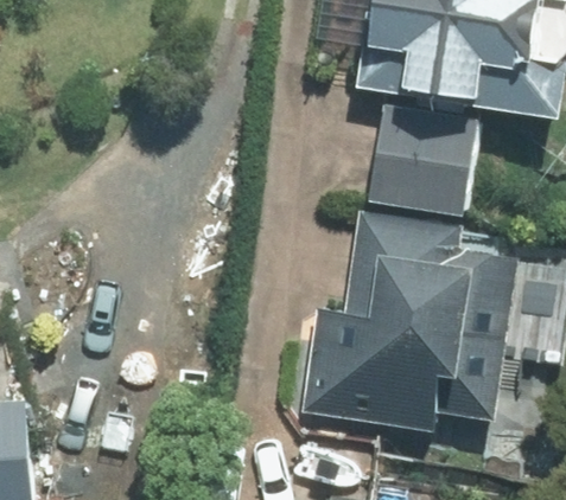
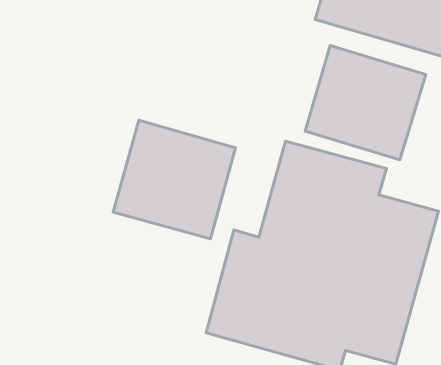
building: none -> [113,120,236,239]

